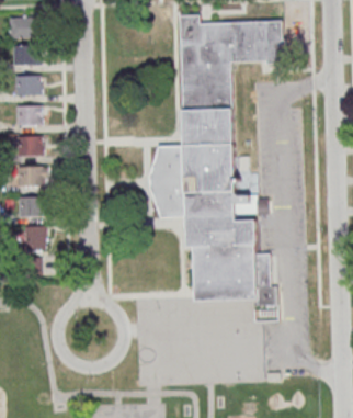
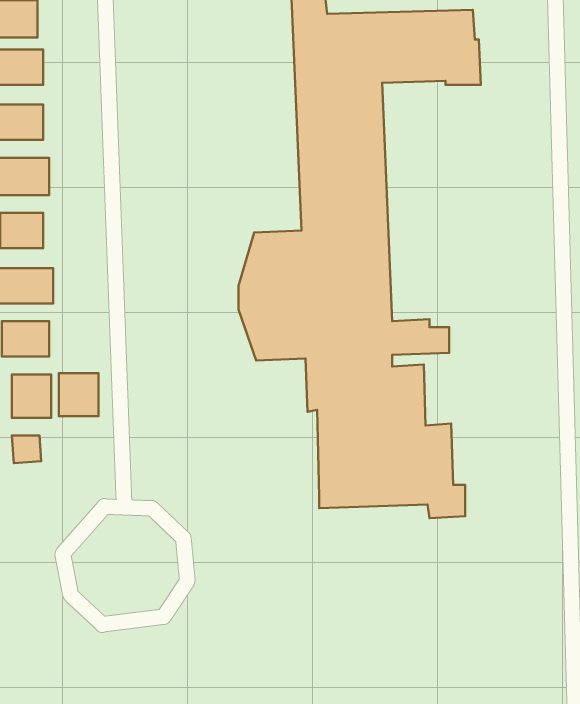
building: none -> [59,373,99,416]

